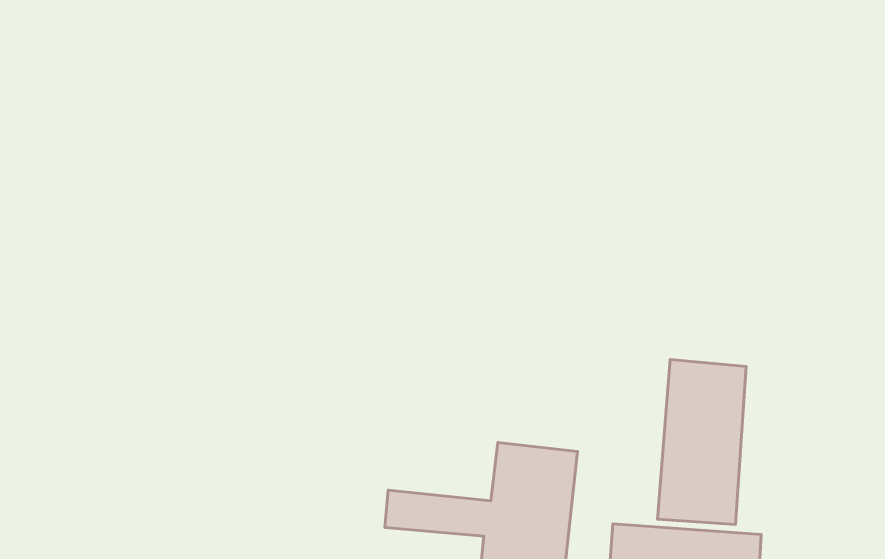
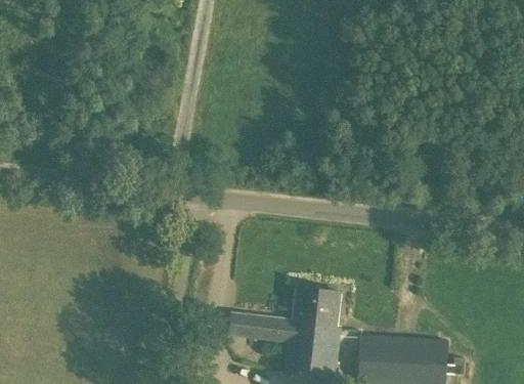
building: [658,360,746,525] -> none

